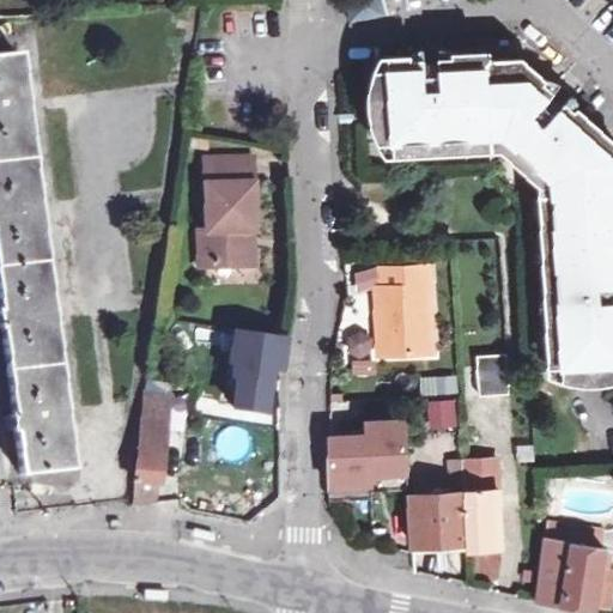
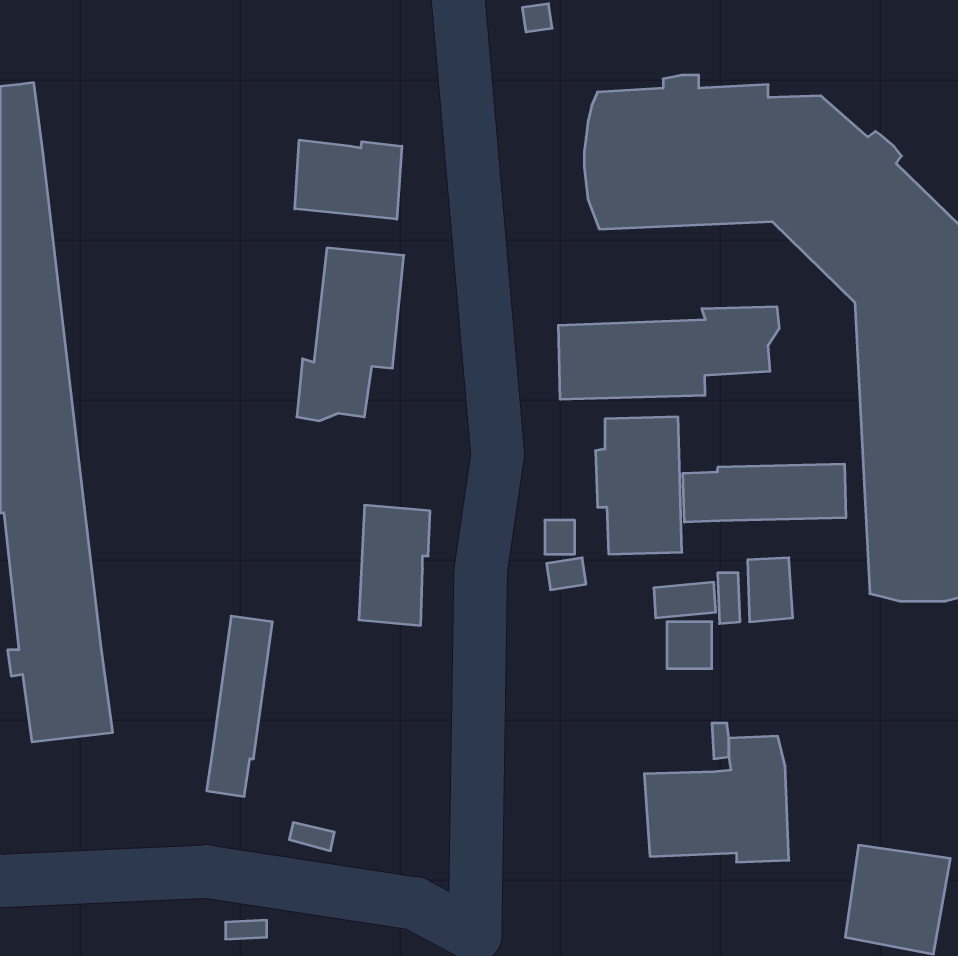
building: none -> [295,140,402,219]
building: none -> [558,307,779,399]
building: none -> [683,464,846,522]
building: [334,421,411,488] -> none

